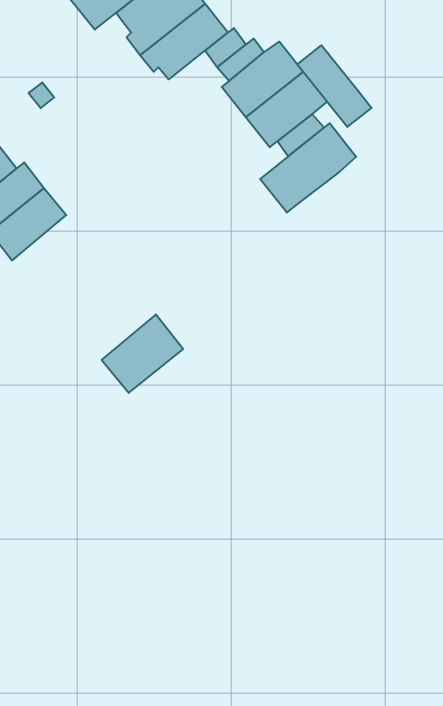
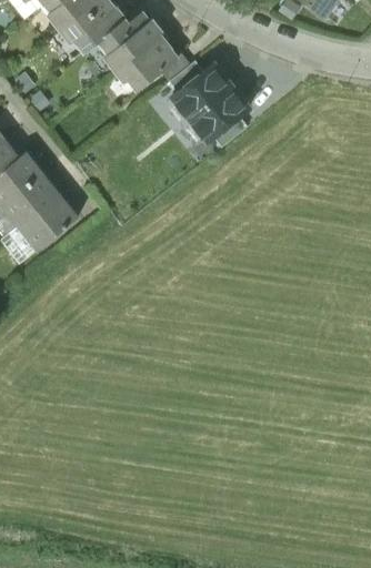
building: [297,45,372,127] -> none
building: [260,123,356,213] -> none
building: [102,314,183,393] -> [16,190,76,247]

